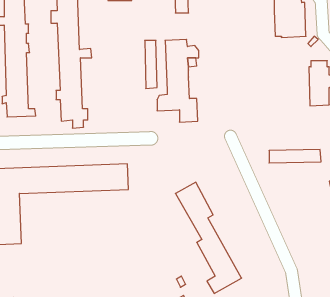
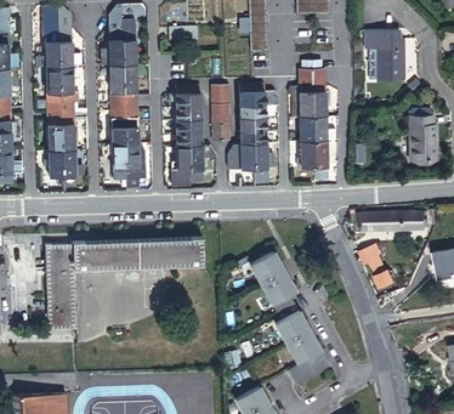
building: none -> [289,61,336,177]
building: none -> [171,86,217,187]
building: none -> [361,246,396,290]

